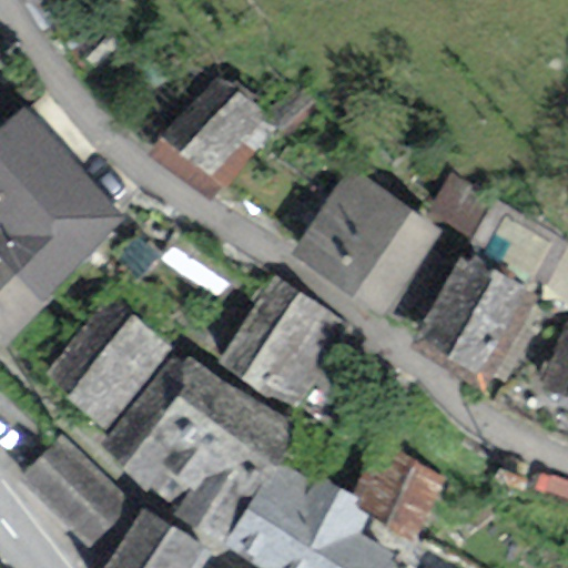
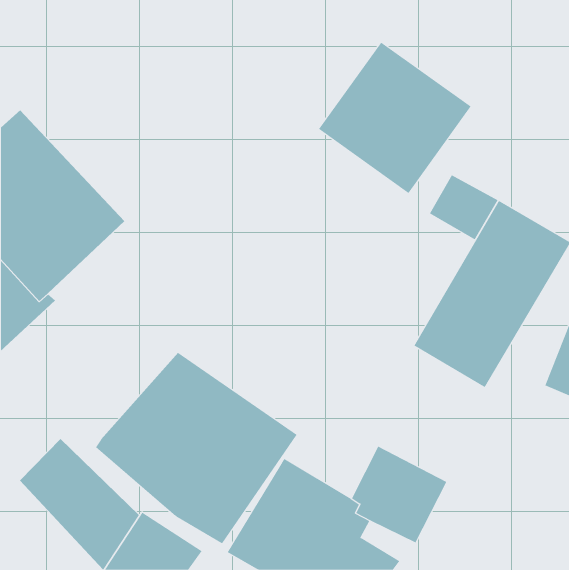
building: [153,64,314,203] -> none
building: [291,165,443,316] -> [318,42,471,194]
building: [219,276,347,409] -> none
building: [45,297,175,427] -> none

